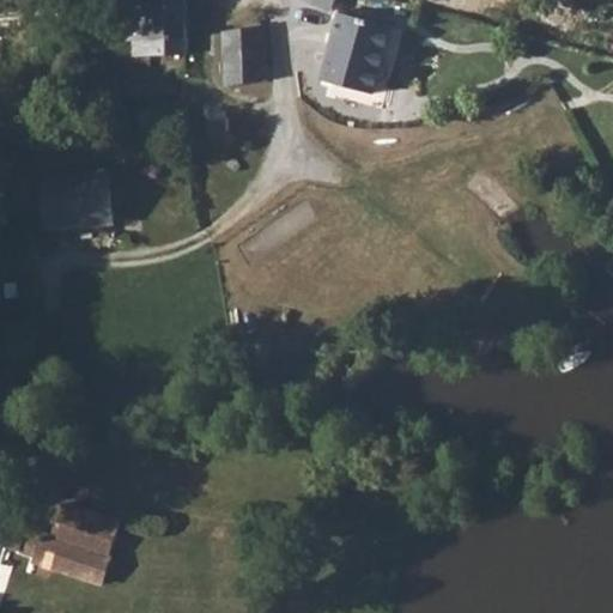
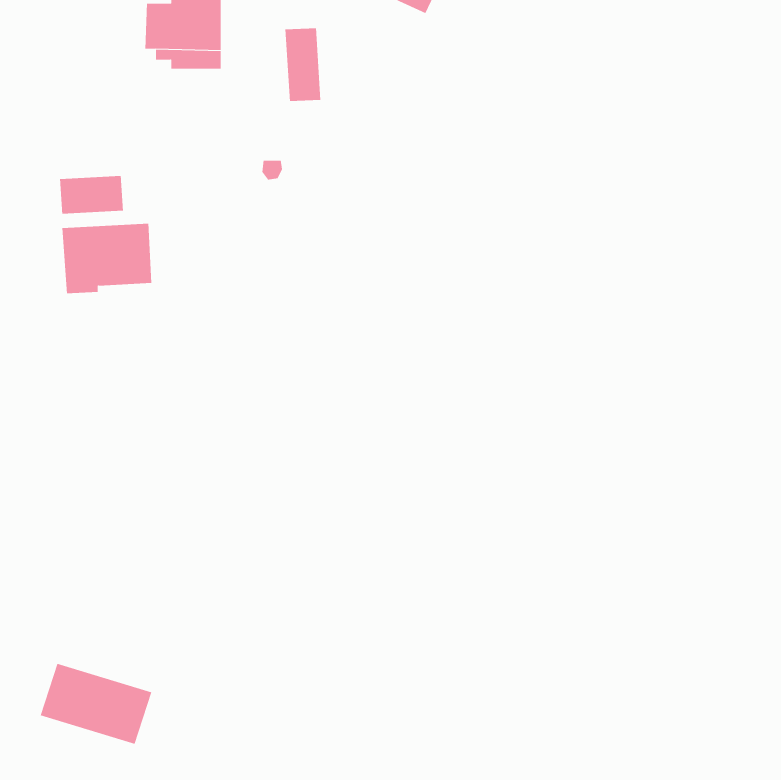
building: [317,17,389,98] -> none
building: none -> [59,175,124,214]

